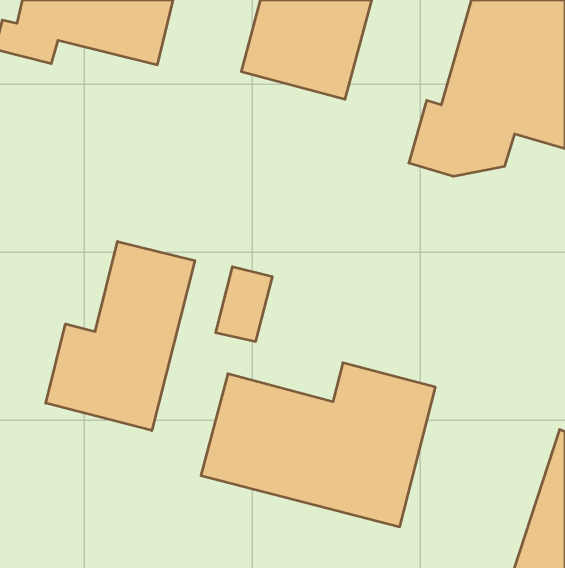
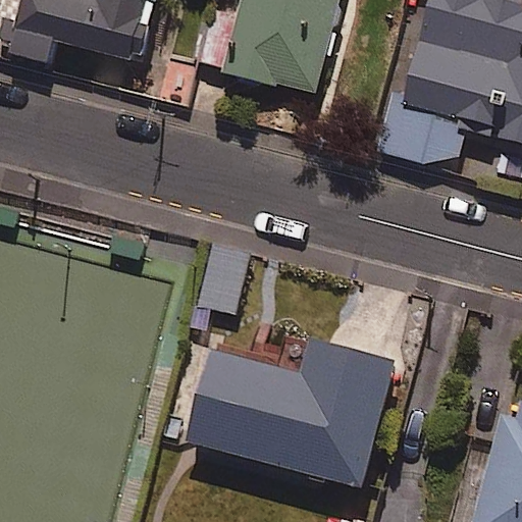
building: [46,241,195,431] -> none

